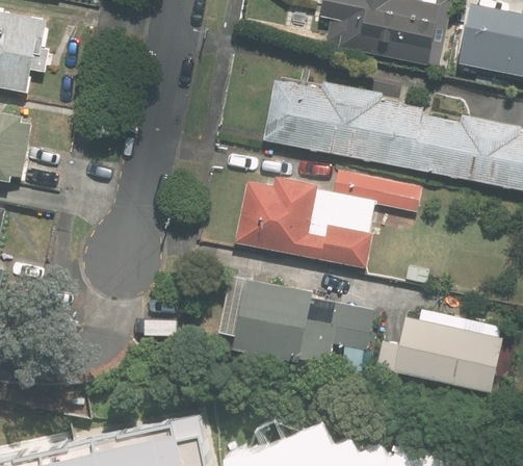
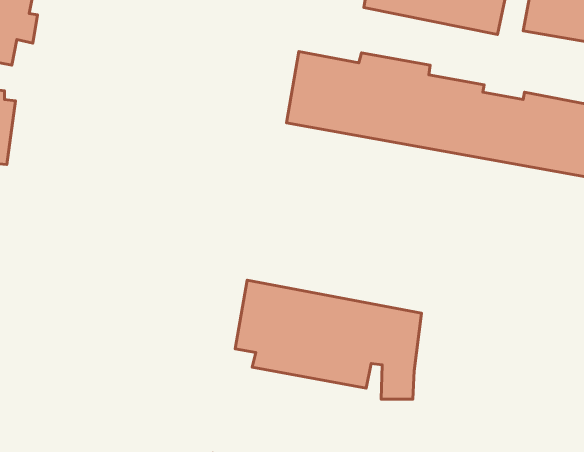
building: [233,170,420,268] -> none
building: [374,310,501,393] -> none

